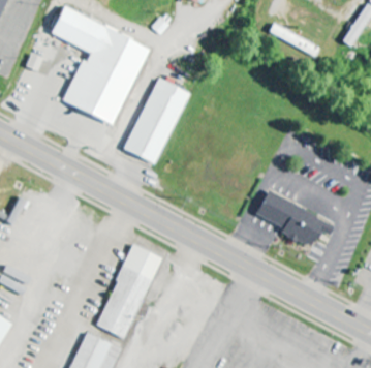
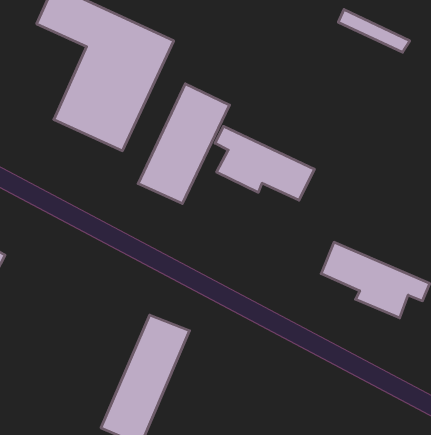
building: none -> [215,126,314,200]

